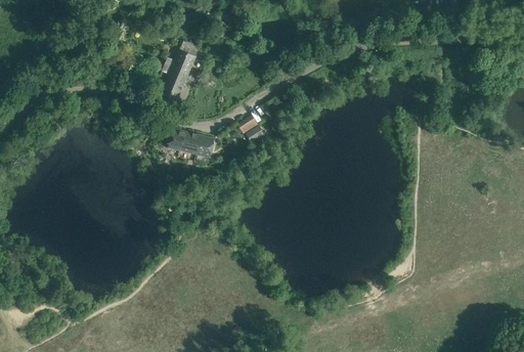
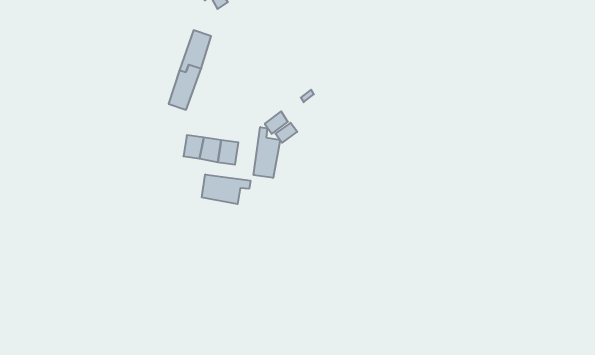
building: none -> [254,127,280,178]
building: none -> [202,174,250,204]

